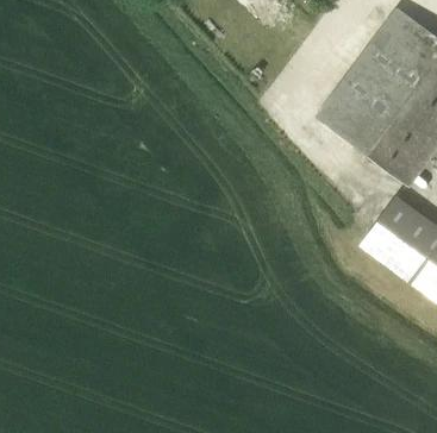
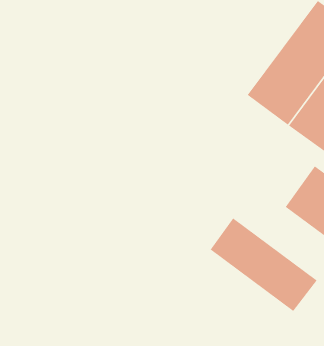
building: none -> [210,217,318,312]

